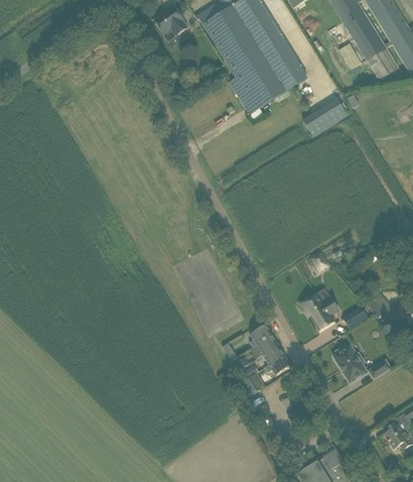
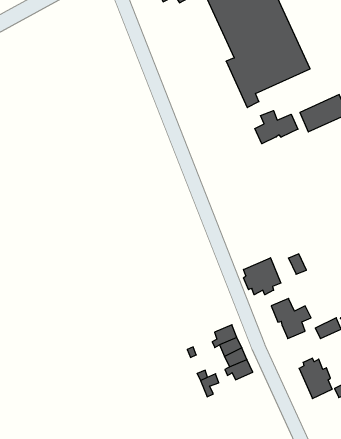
building: none -> [255,111,298,144]
building: none -> [244,258,281,295]

